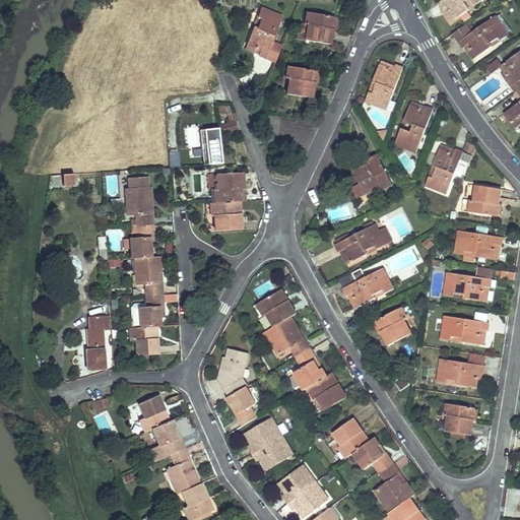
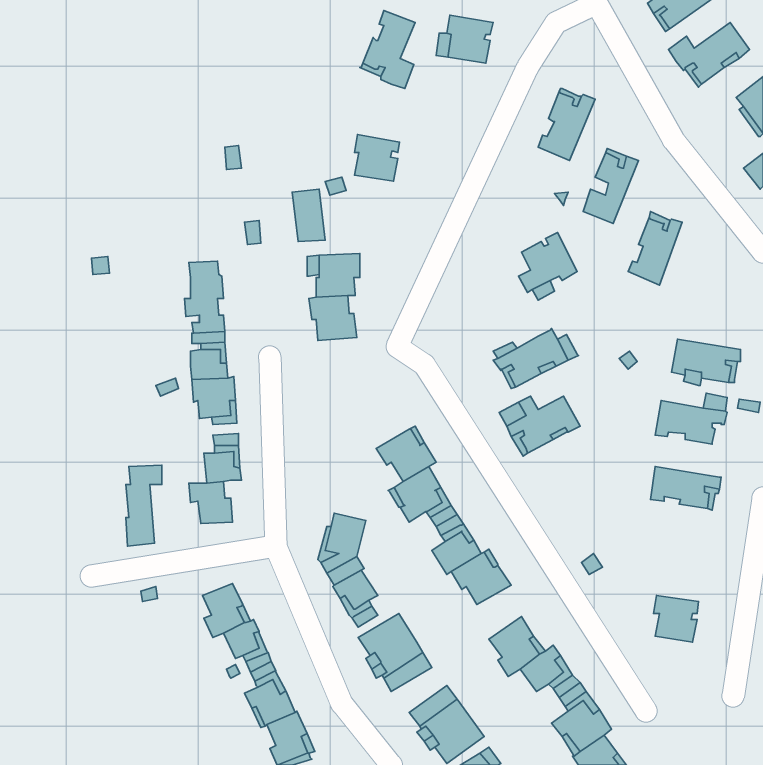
building: [284,65,315,96] -> [354,135,399,181]
building: [468,185,501,215] -> none
building: [375,307,409,344] -> none
building: [437,359,484,388] -> none

